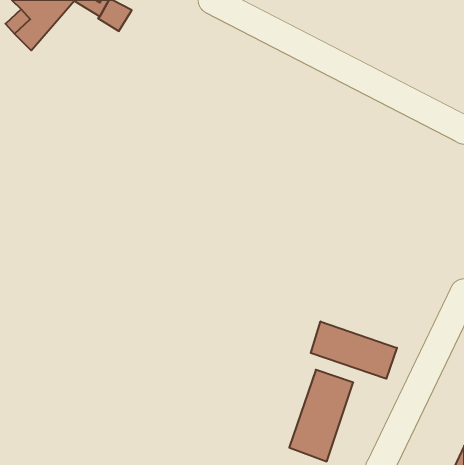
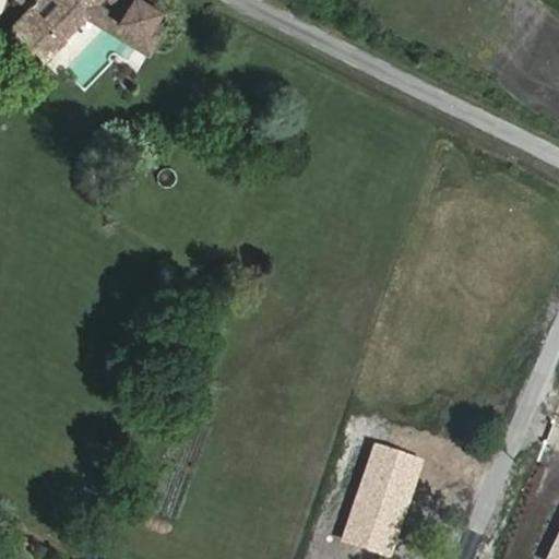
building: [311,321,397,379] -> none

